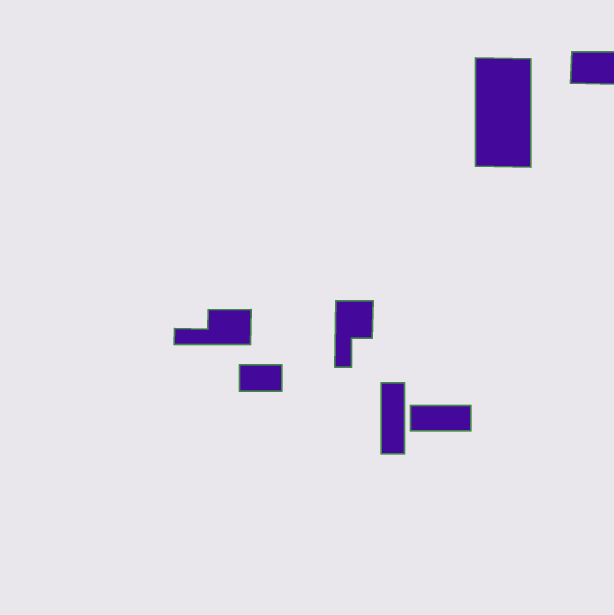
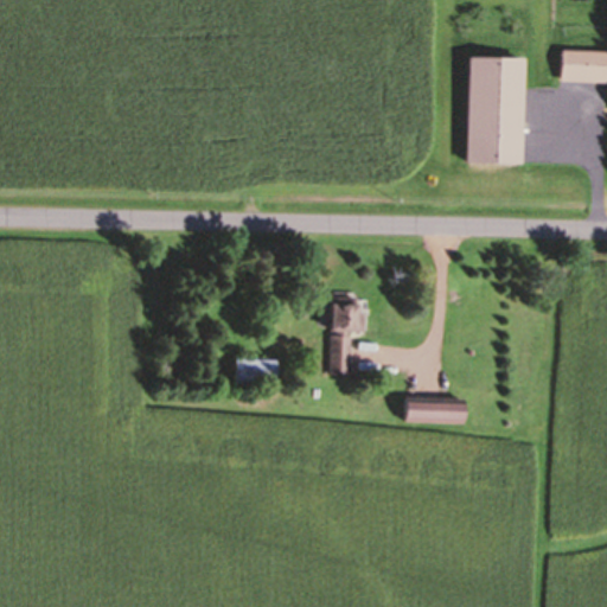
building: [174,309,251,345] -> none
building: [381,383,404,454] -> none

